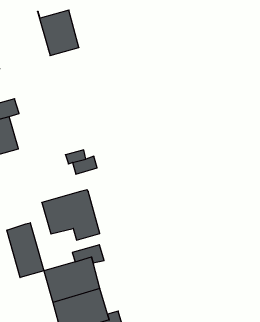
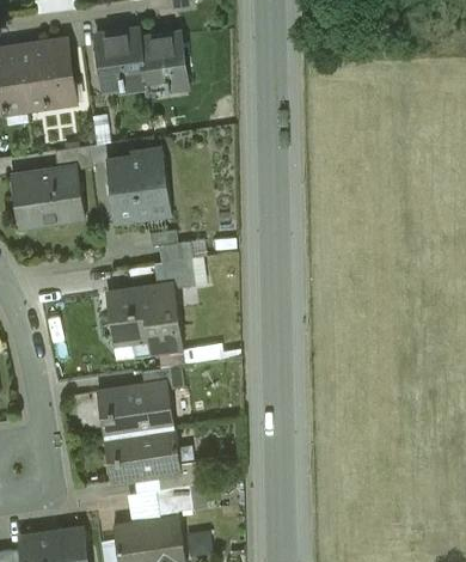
building: none -> [94,30,145,91]
building: none -> [105,152,171,221]
building: none -> [160,258,195,289]
building: [7,223,44,278] -> none

